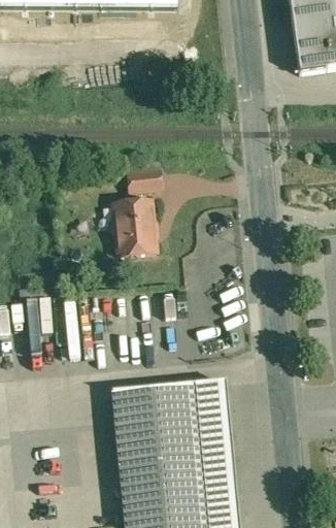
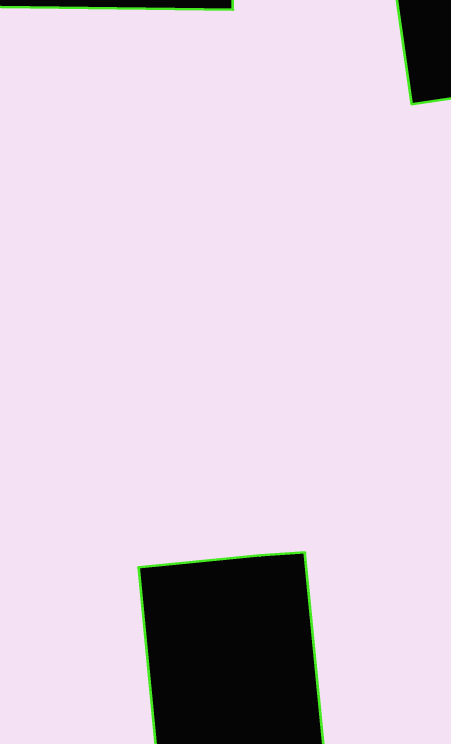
building: [128,170,161,190] -> none
building: [112,200,155,254] -> none

